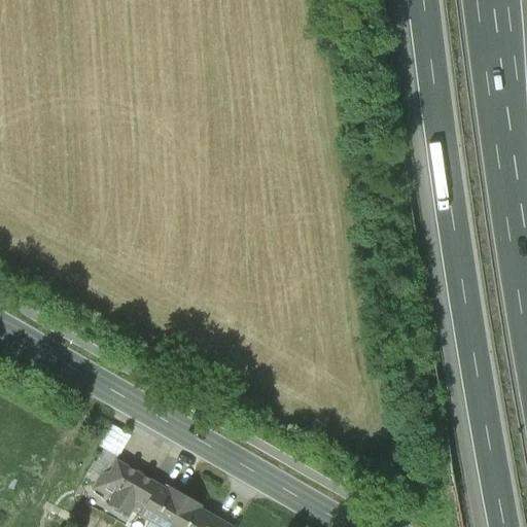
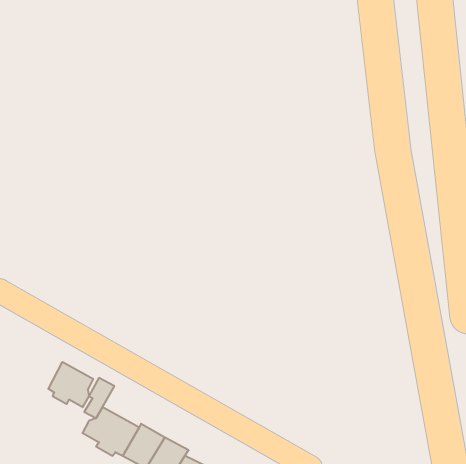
building: none -> [48,362,93,407]

